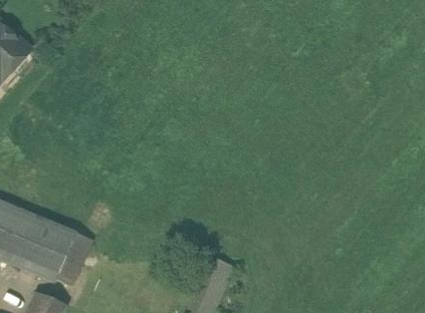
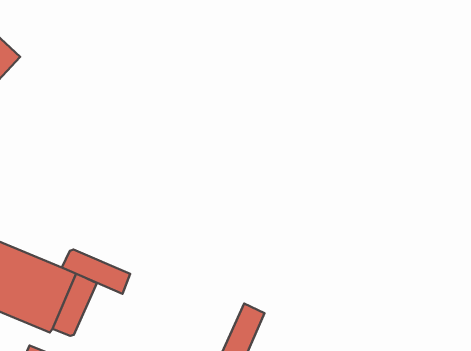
building: none -> [62,250,130,294]

